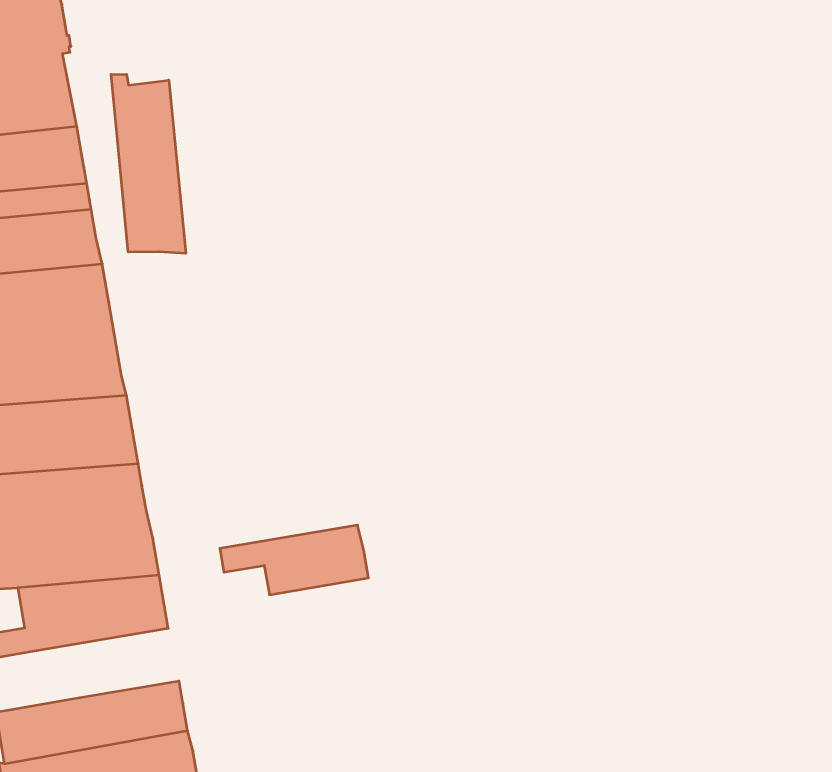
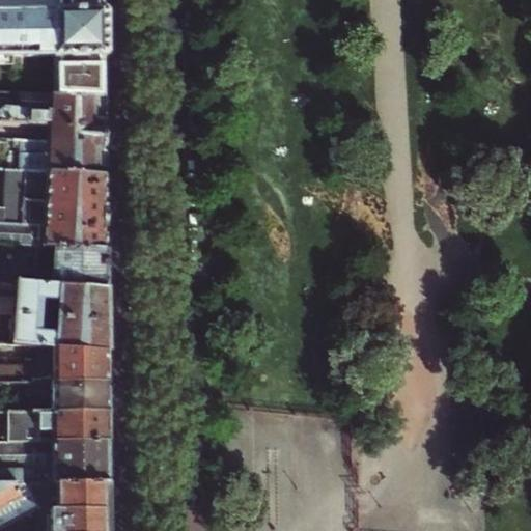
building: [111,74,186,253] -> none
building: [220,525,368,595] -> [29,379,108,409]

